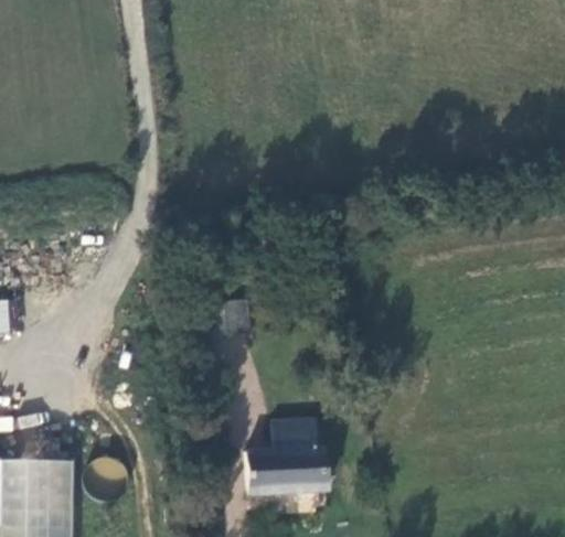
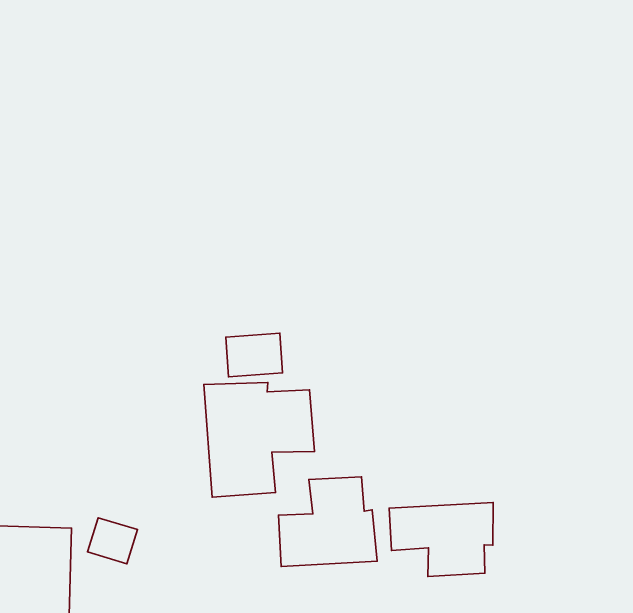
building: none -> [204,383,314,497]
building: none -> [389,502,493,576]

